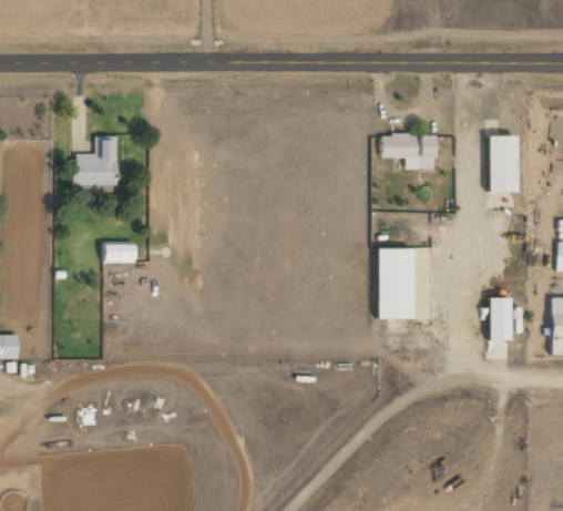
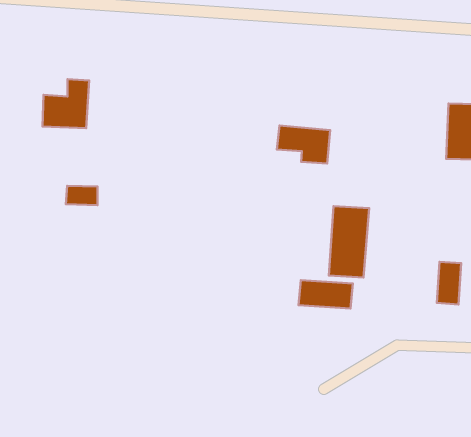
building: [382,134,436,170] -> [277,126,330,164]
building: none -> [299,280,353,309]

